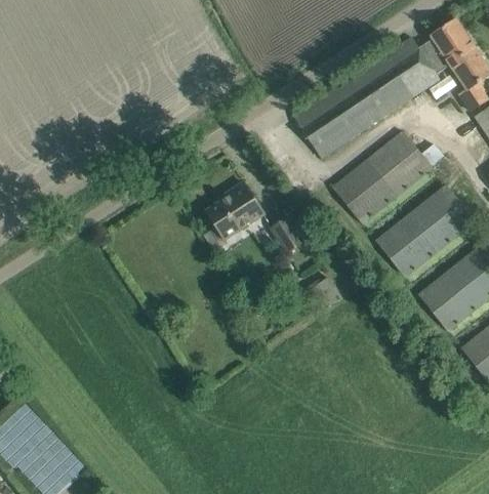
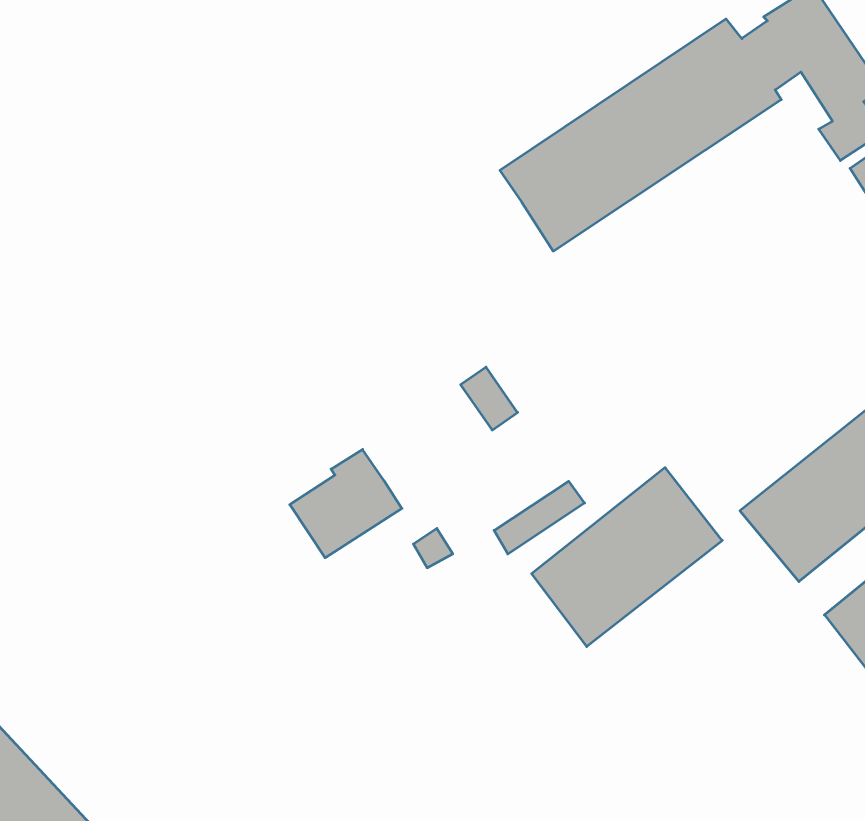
building: [332,132,432,224] -> none
building: [205,183,263,240] -> [290,449,402,558]
building: [375,184,475,278] -> [532,468,722,647]

